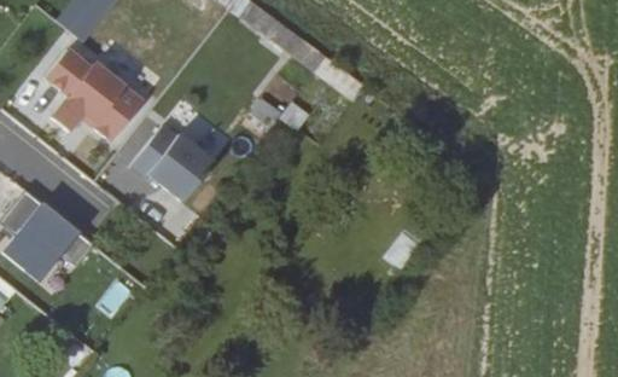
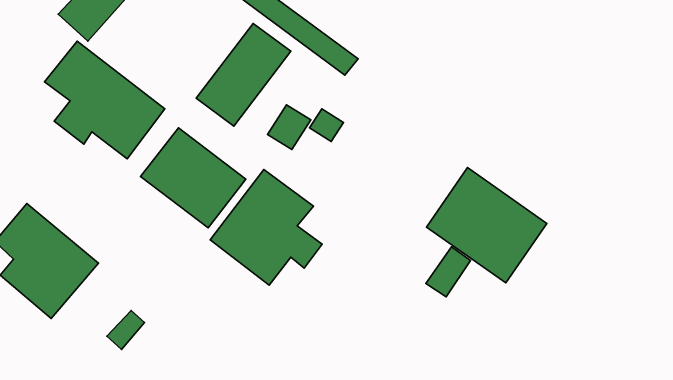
building: none -> [196,23,291,126]
building: none -> [427,168,547,283]
building: none -> [210,169,322,285]

